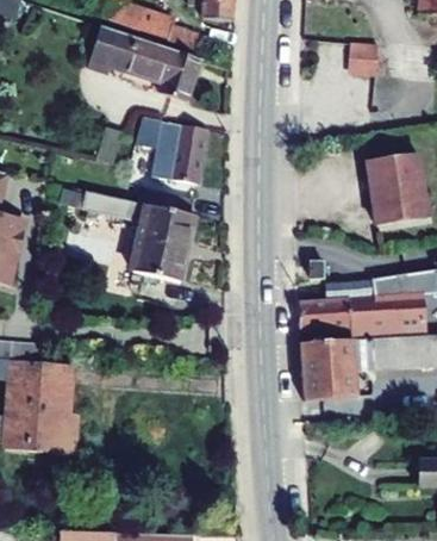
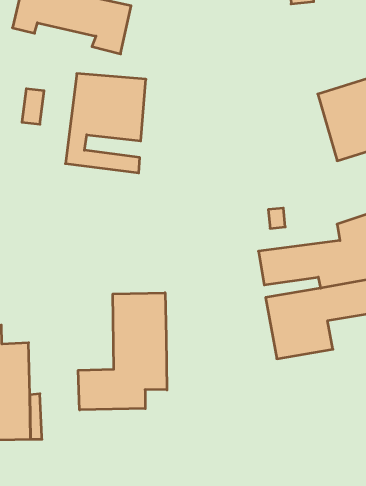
building: [85,191,196,281] -> none
building: none -> [78,293,167,410]

